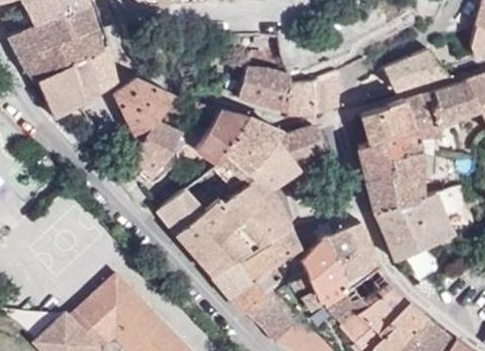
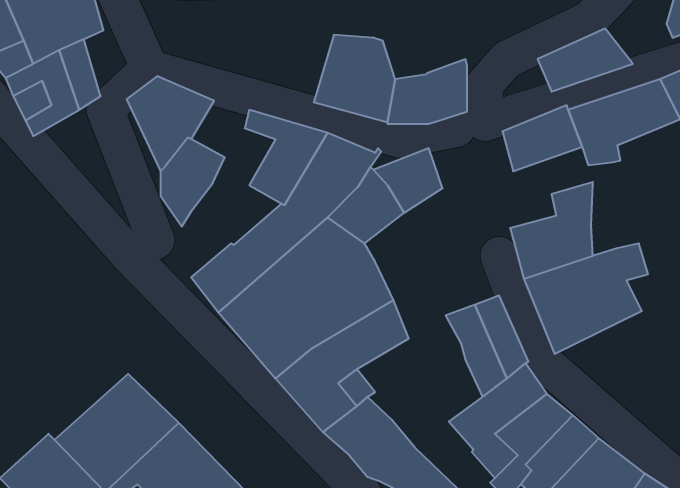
building: [88,47,117,93] -> none
building: [359,126,434,180] -> none
building: [294,237,349,313] -> none

